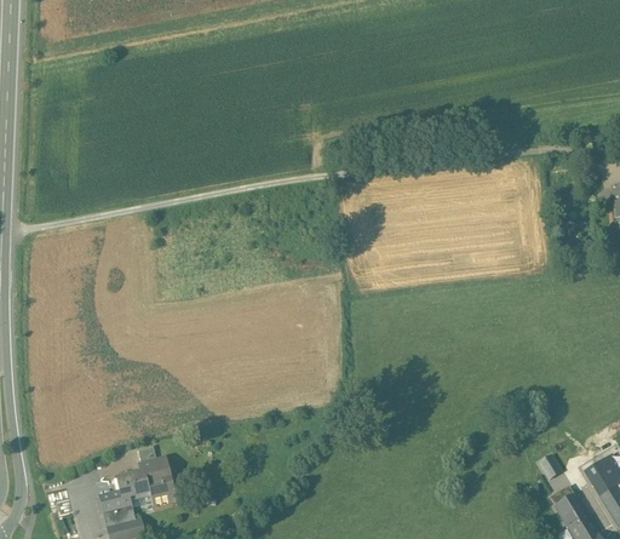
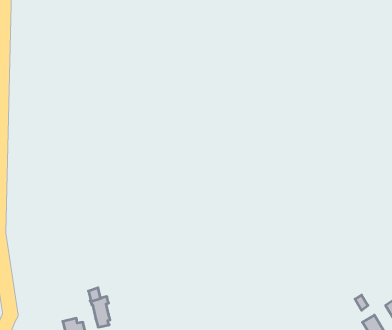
building: [117,474,150,501] -> none

